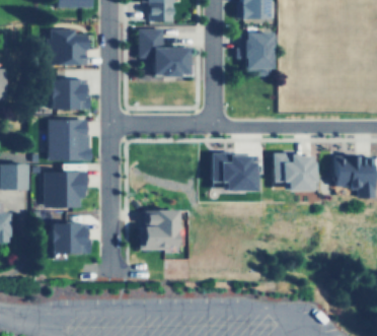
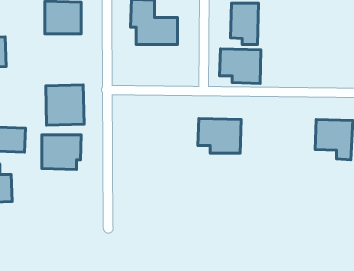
building: [51,79,91,109] -> none
building: [272,154,315,191] -> [220,49,261,84]
building: [143,209,176,250] -> none
building: [52,223,91,254] -> none

